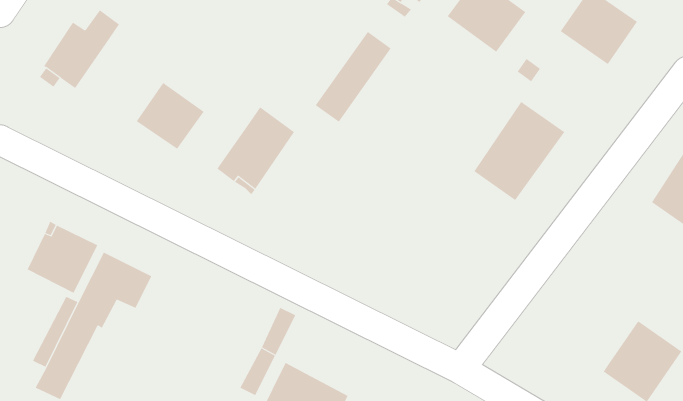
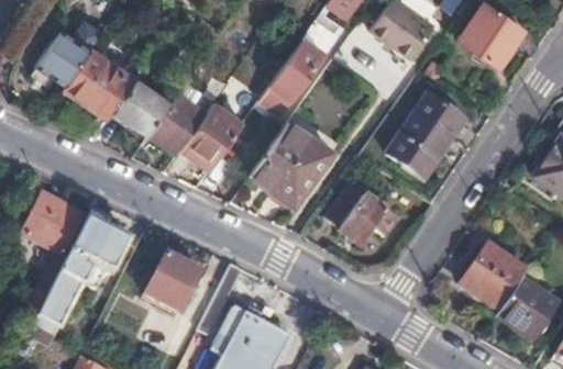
building: none -> [63,49,136,120]
building: none -> [148,93,207,155]
building: none -> [251,120,331,203]
building: none -> [331,186,398,244]
building: none -> [462,243,528,310]
building: none -> [146,254,202,313]

